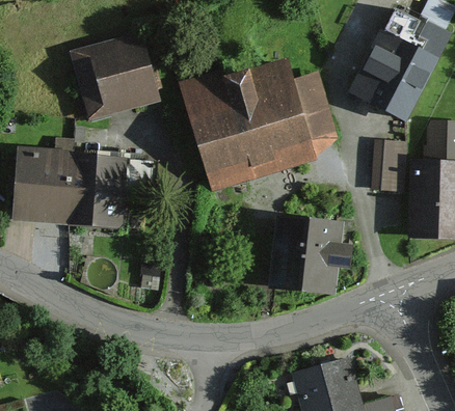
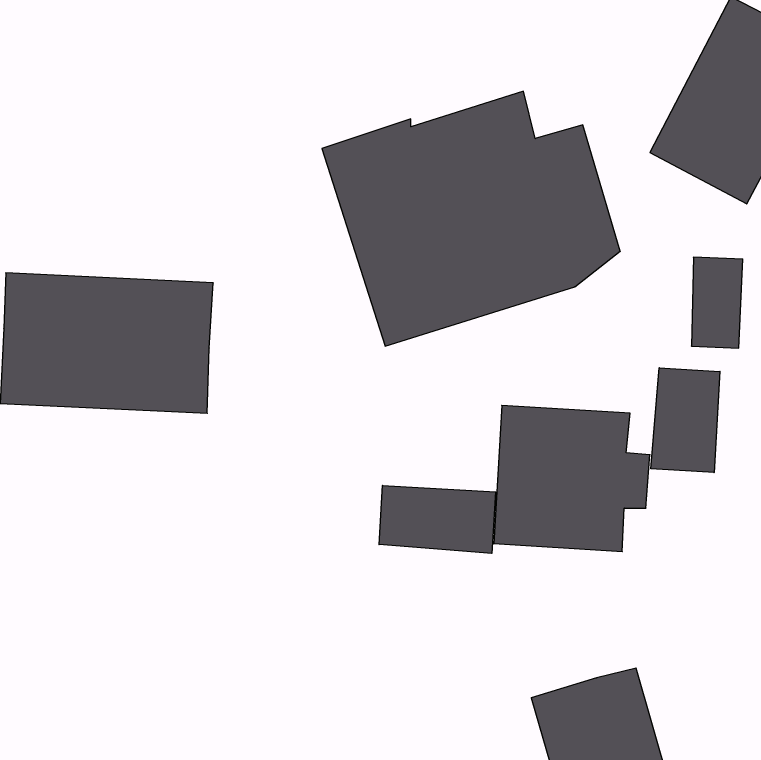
building: [73,32,157,119] -> none
building: none -> [651,368,720,473]
building: none -> [379,485,496,553]

